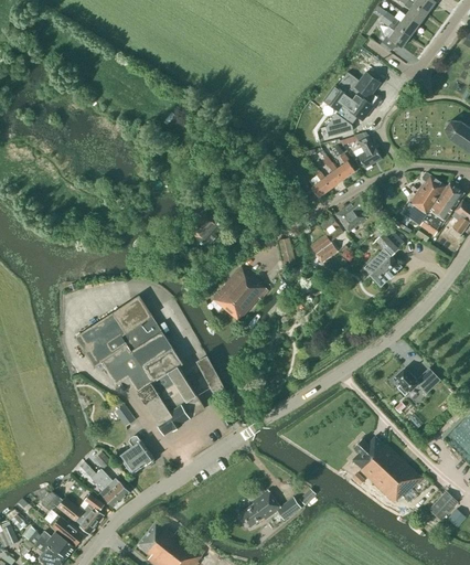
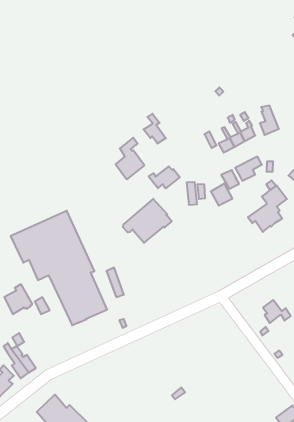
building: [322,73,381,137] -> none
building: none -> [143,114,166,144]
building: none -> [149,166,180,188]
building: [351,436,420,503] -> none
building: [118,437,153,475] -> [4,284,32,314]
building: [239,490,298,526] -> none

